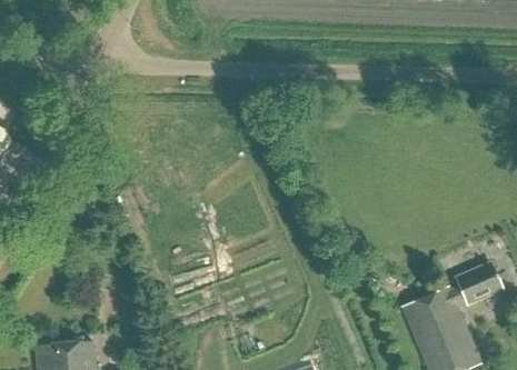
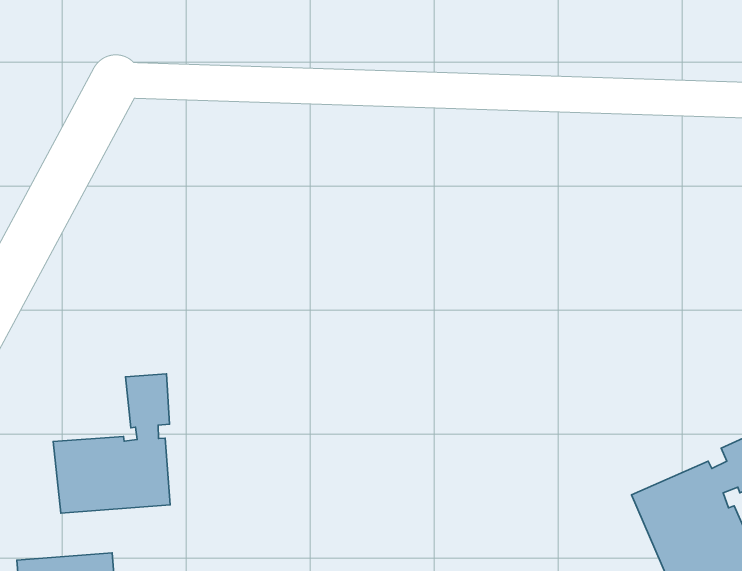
building: none -> [53,374,170,513]

